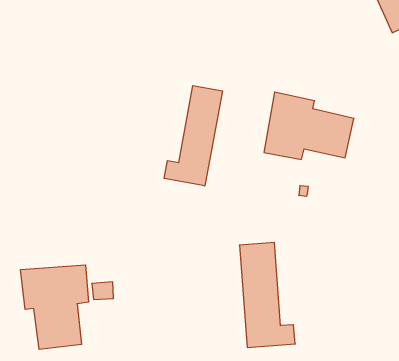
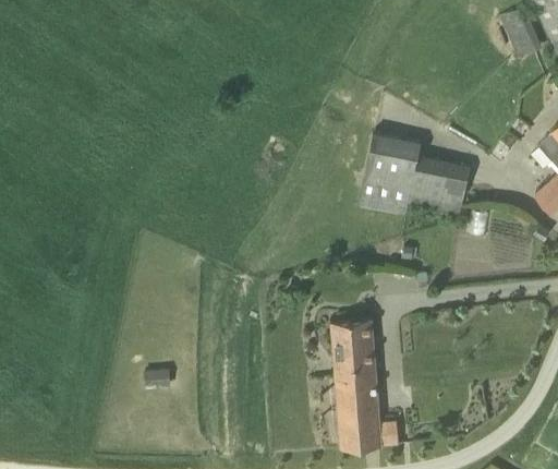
building: [164,86,222,186] -> none
building: [21,265,88,349] -> none

